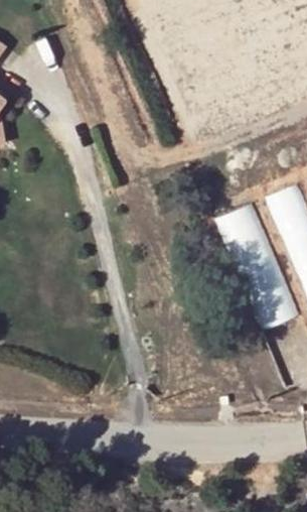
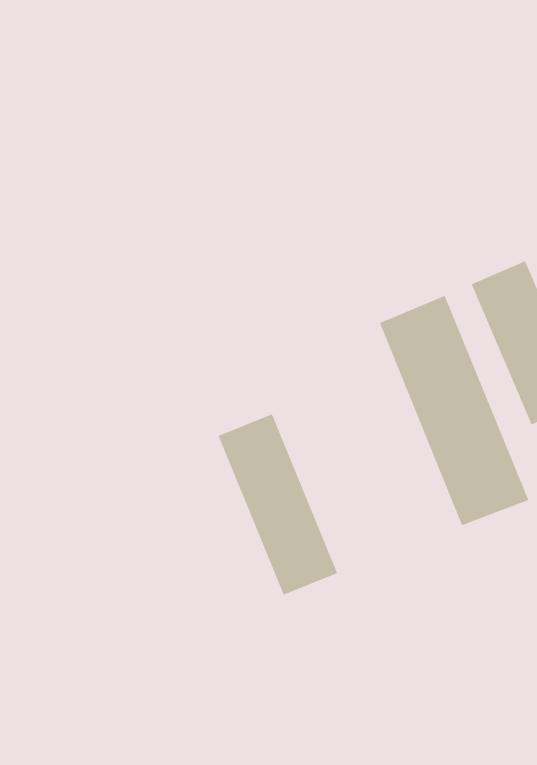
building: none -> [218,414,338,596]

